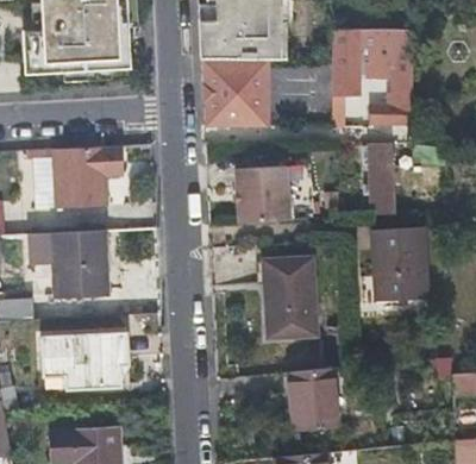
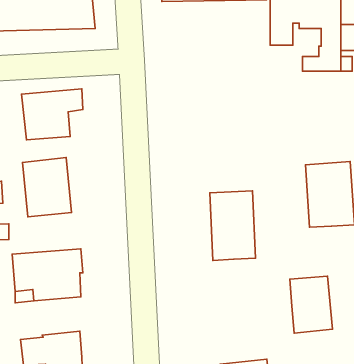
building: [200,57,268,125] -> none
building: [367,143,395,215] -> none
building: [236,167,290,224] -> none
building: [289,369,338,434] -> [290,276,333,333]

